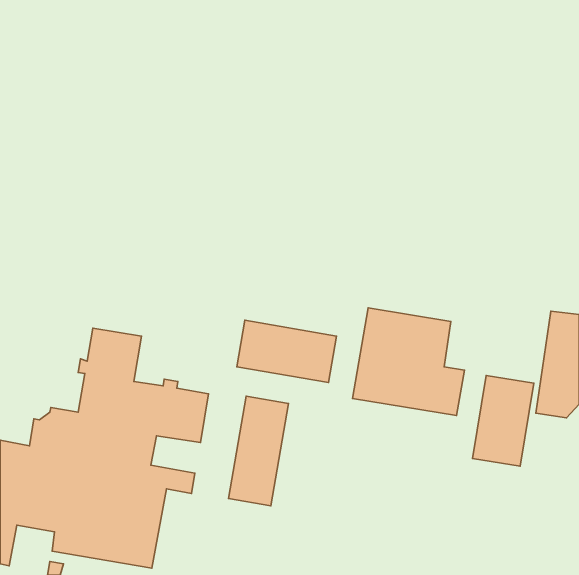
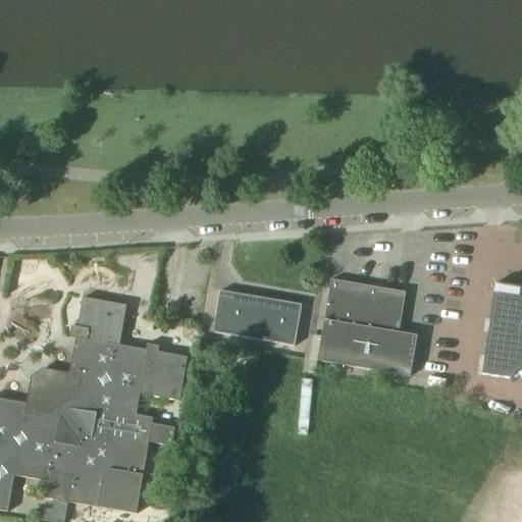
building: [473,375,534,466] -> none
building: [229,396,289,506] -> none

